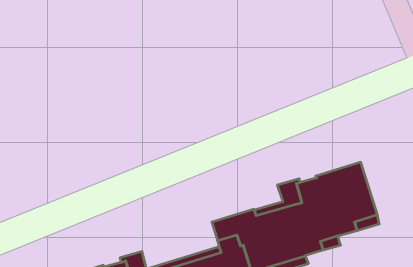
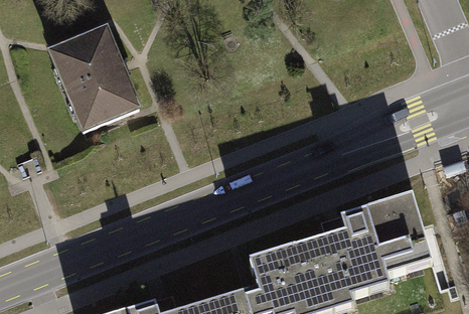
building: none -> [50,25,139,127]

